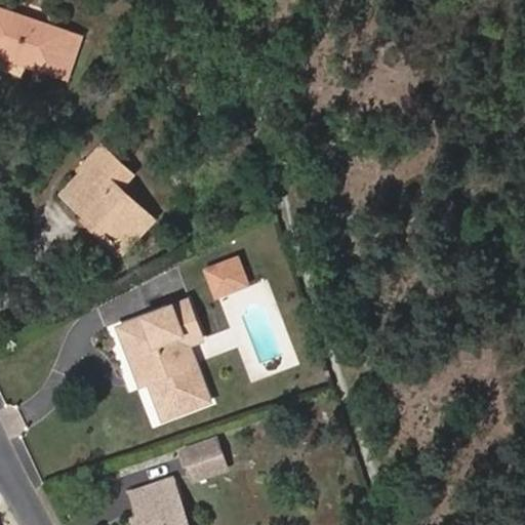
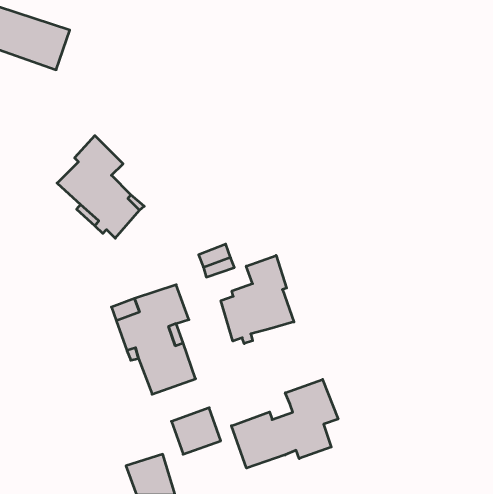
building: none -> [221,255,294,344]
building: none -> [231,379,338,468]

